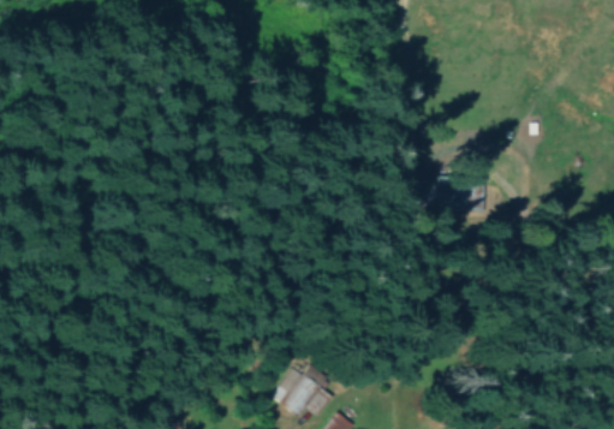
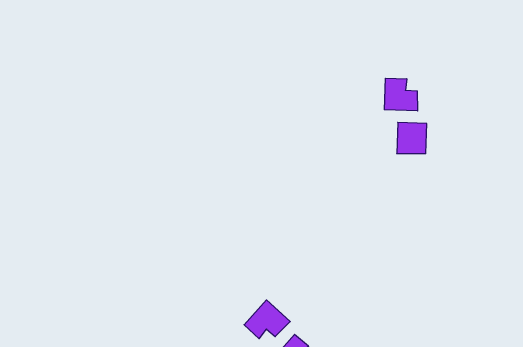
building: none -> [384,78,418,111]

